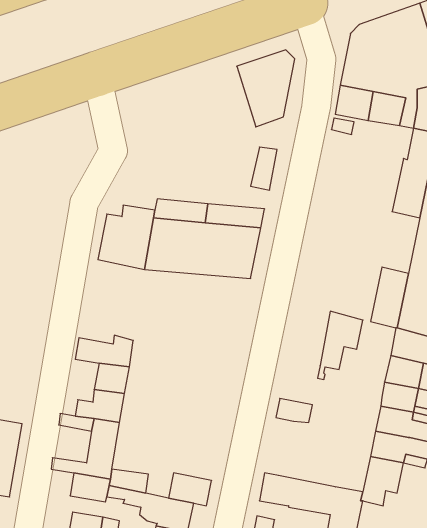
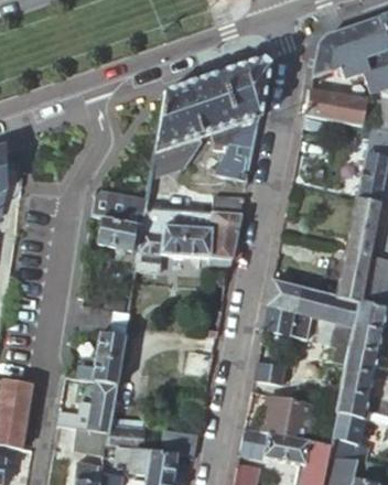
building: none -> [152,73,237,177]
building: none -> [347,200,380,254]
building: none -> [265,280,302,334]
building: none -> [325,294,359,362]
building: none -> [257,395,314,440]

